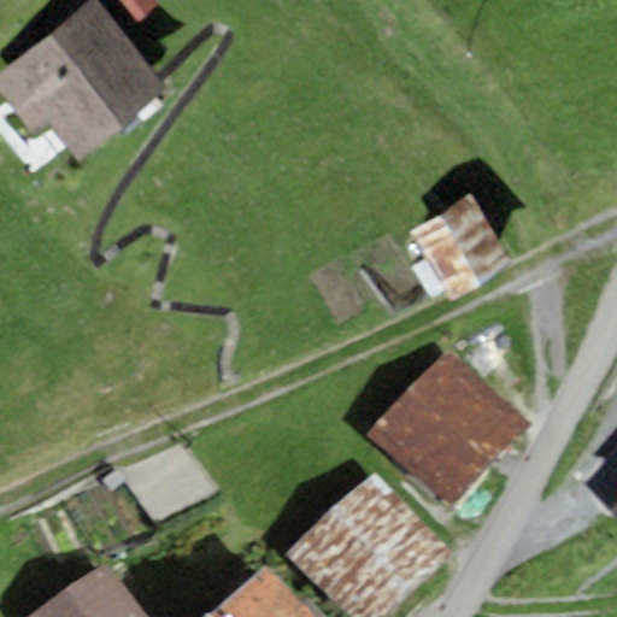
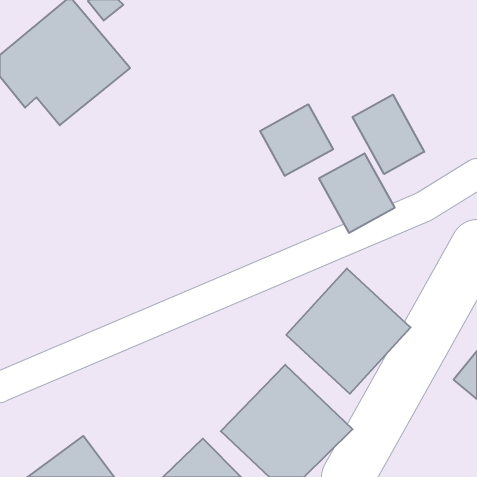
building: none -> [353,95,424,174]
building: none -> [260,104,333,176]

